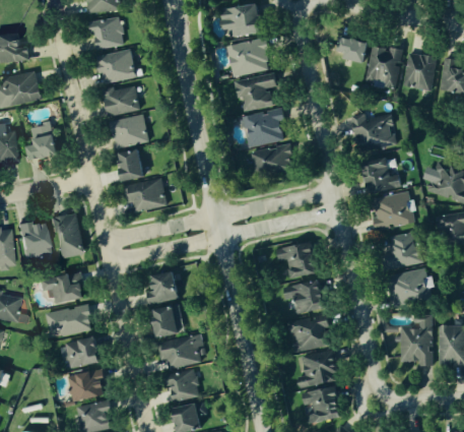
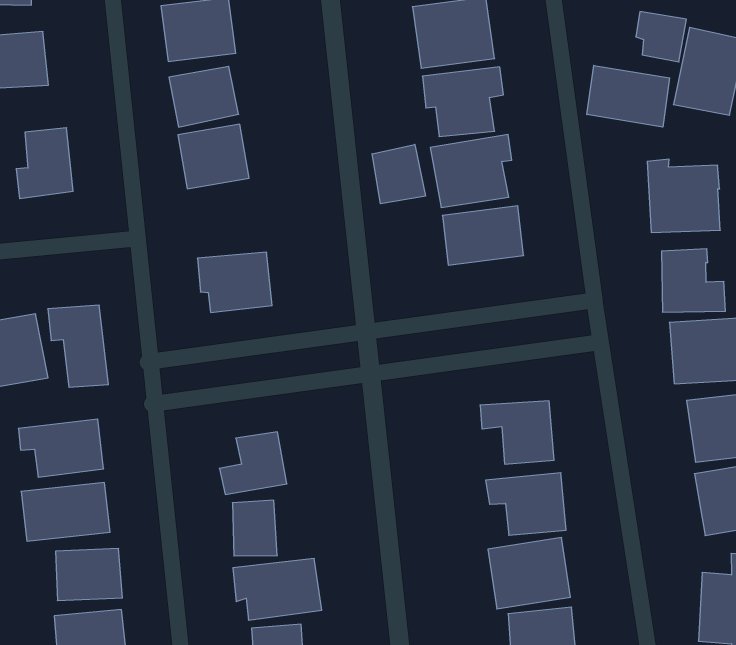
building: none -> [587,65,670,127]
building: none -> [372,144,425,204]
building: [119,148,143,180] -> none

